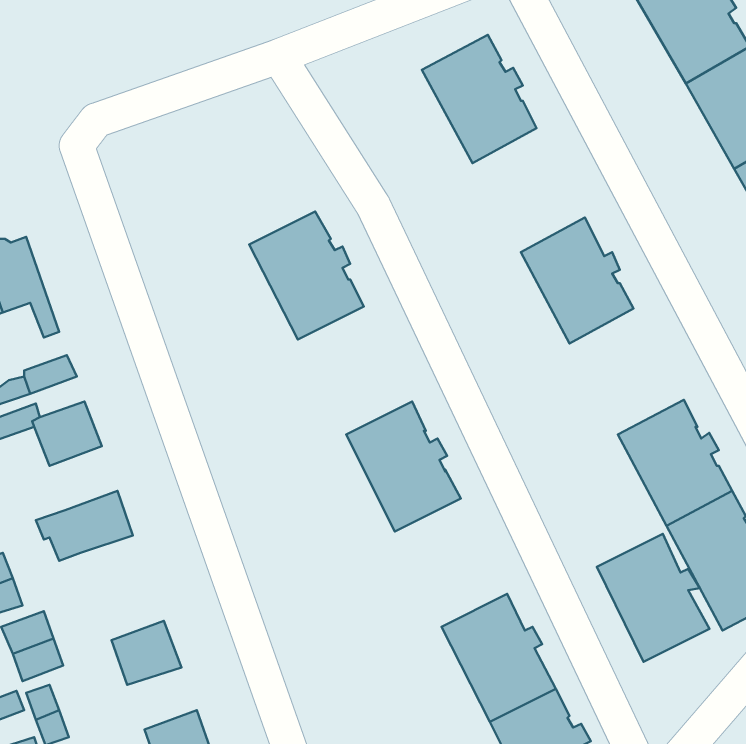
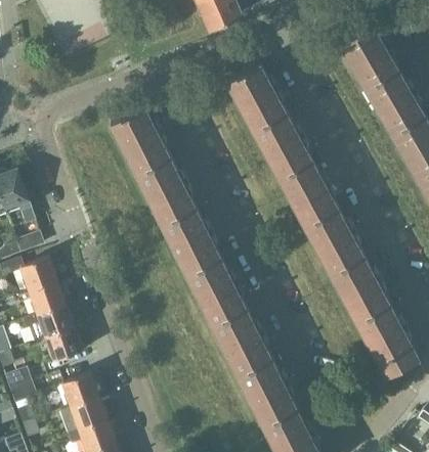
building: none -> [109,105,169,174]
building: none -> [252,112,311,178]
building: none -> [160,207,220,274]
building: none -> [303,208,363,274]
building: none -> [29,280,65,314]
building: [597,534,709,662] -> [211,308,270,375]
building: none -> [45,327,81,361]
building: none -> [70,397,106,430]

